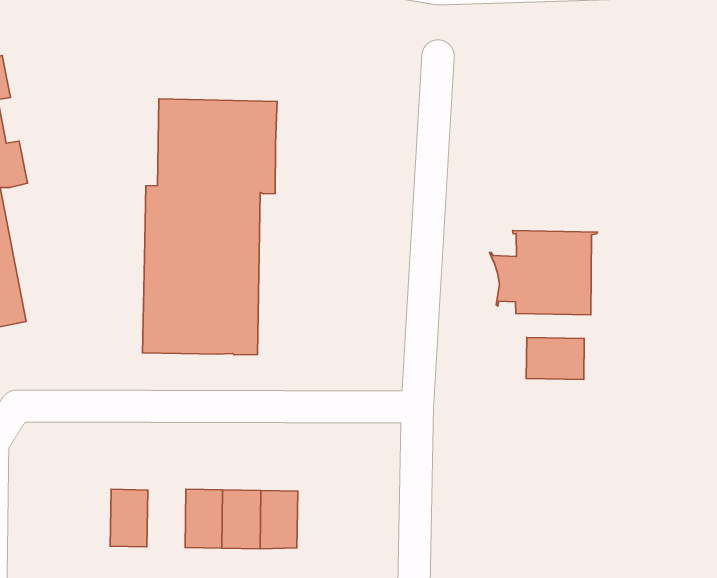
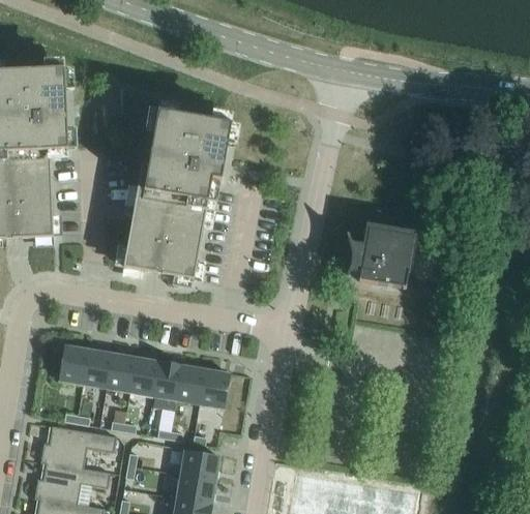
building: [526,338,584,379] -> none
building: none -> [58,344,89,384]
building: none -> [106,353,136,392]
building: none -> [199,368,229,407]

